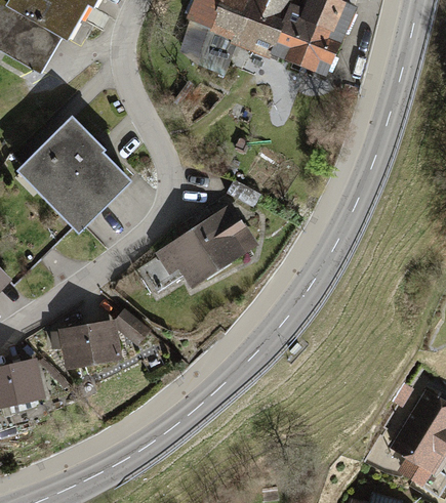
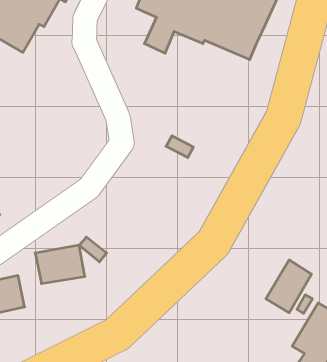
building: [17,115,132,234] -> none
building: [153,204,256,289] -> none
building: none -> [266,260,311,313]

